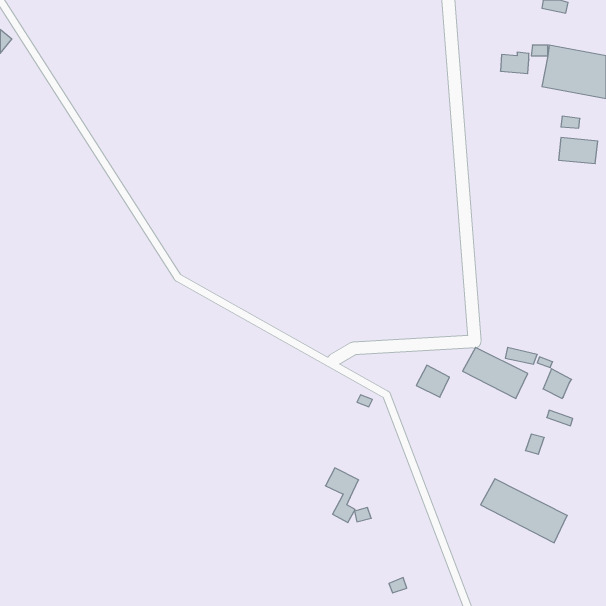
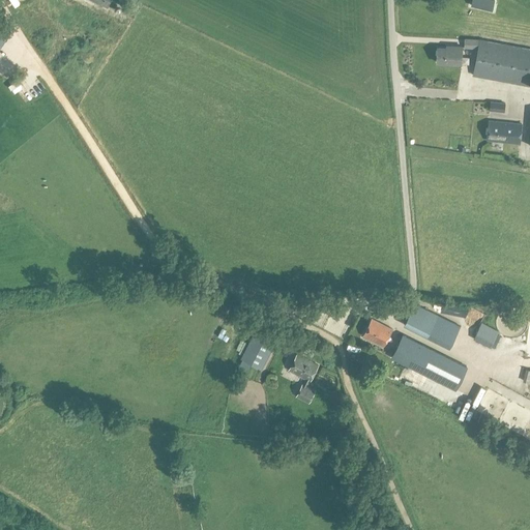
building: none -> [241,331,278,370]
building: [325,468,359,523] -> [289,355,318,403]
building: [481,479,567,543] -> [386,332,462,388]

